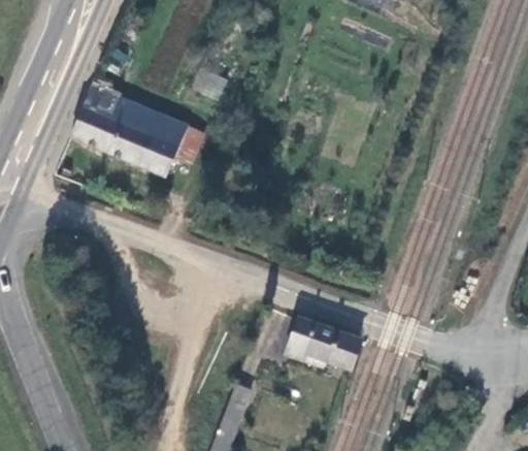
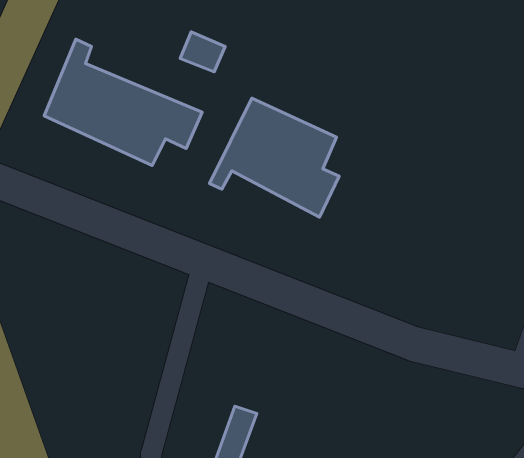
building: none -> [210,98,339,217]
building: [280,315,357,369] -> none

